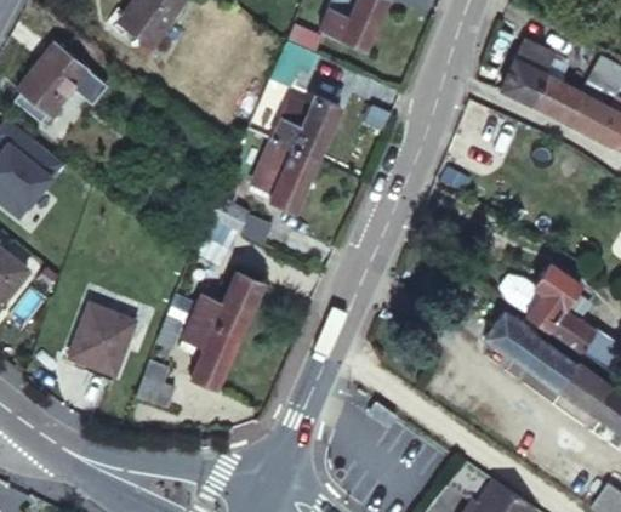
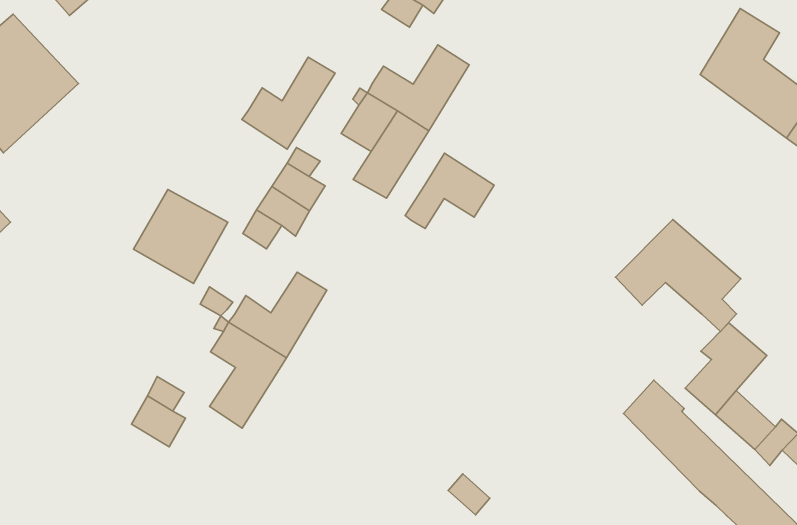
building: none -> [242,57,335,149]
building: none -> [405,153,494,229]
building: none -> [615,220,741,331]
building: [70,307,135,371] -> [133,189,228,284]

